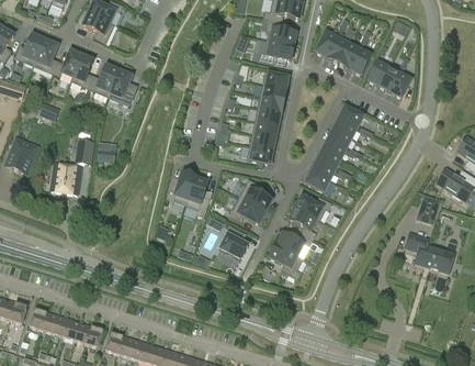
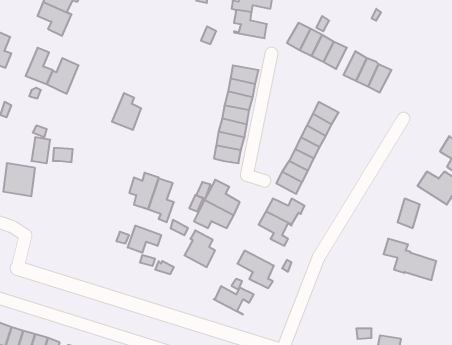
building: [259,41,294,63] -> none
building: [53,49,82,81] -> none
building: [110,71,137,106] -> [112,93,141,130]
building: none -> [128,226,161,253]
building: [275,232,313,258] -> [214,286,254,315]

